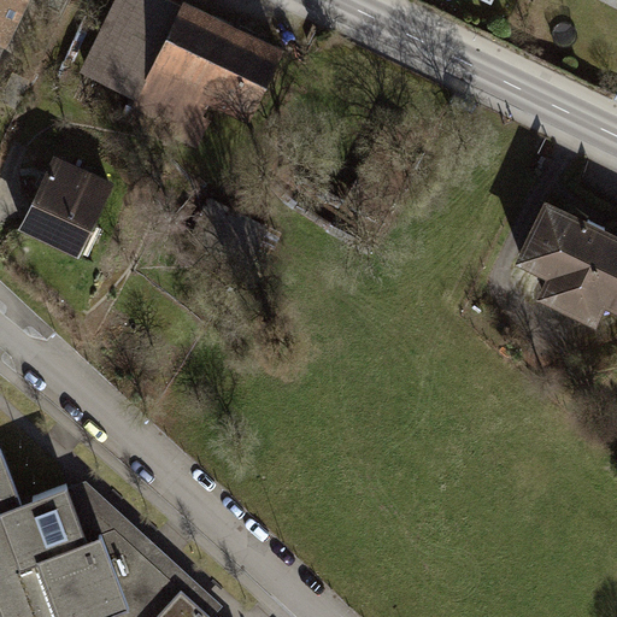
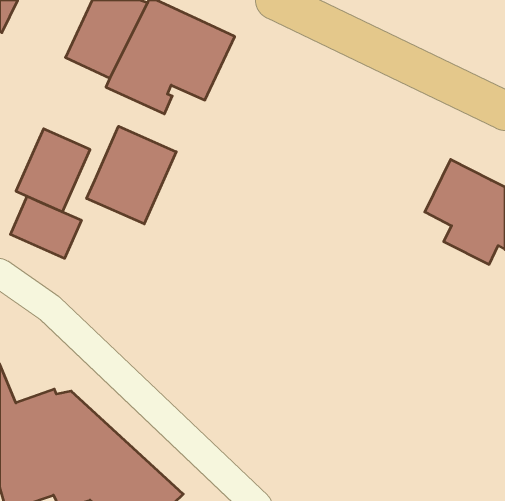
building: none -> [87,126,176,224]
building: none -> [10,196,81,258]

